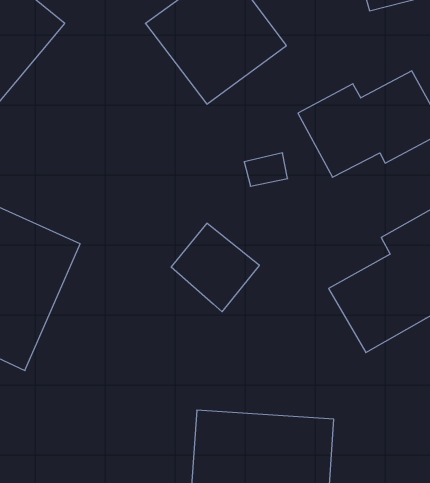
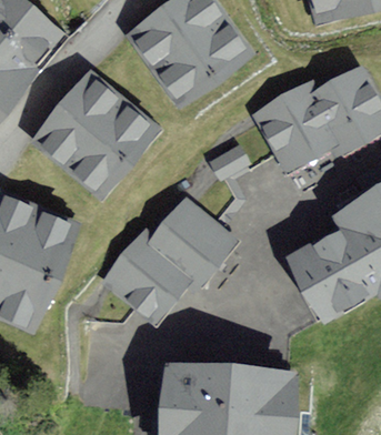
building: none -> [36,75,158,198]
building: none -> [109,234,190,315]

